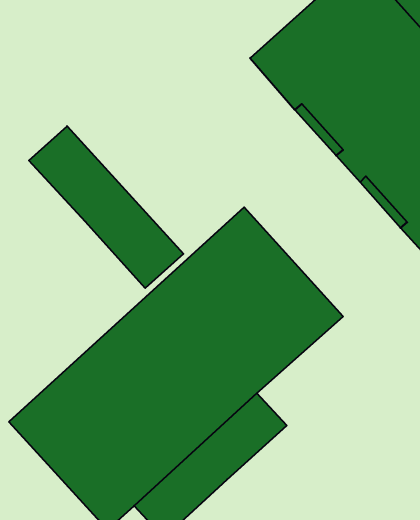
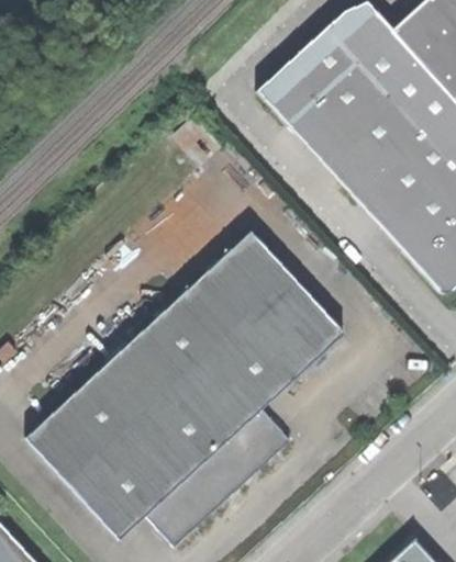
building: [29,126,183,288] -> none

